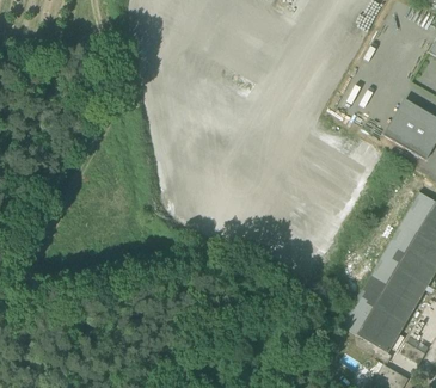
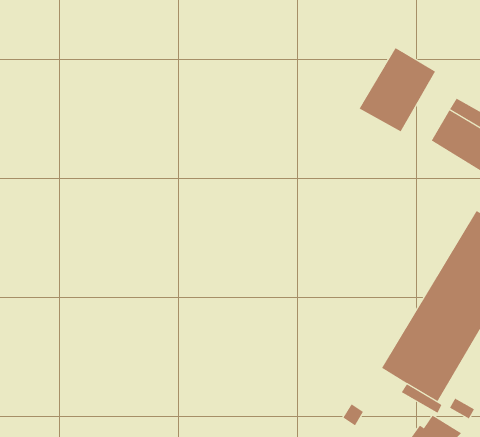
building: none -> [359,47,436,132]

